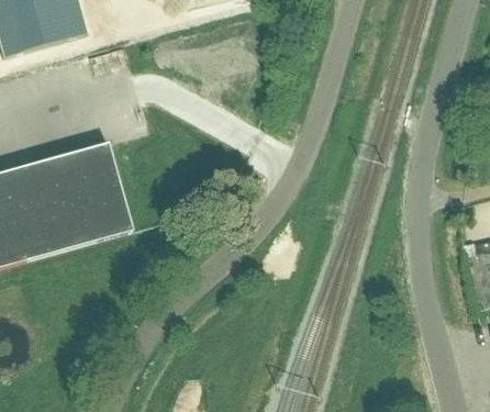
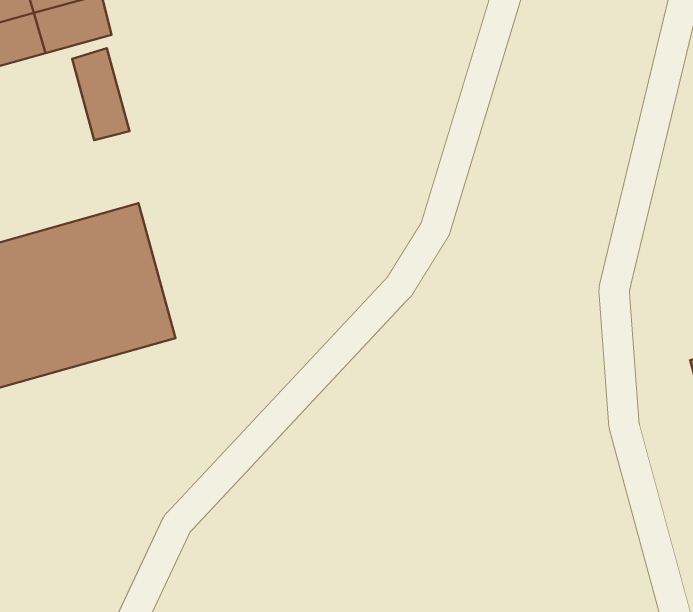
building: none -> [72,48,130,140]

